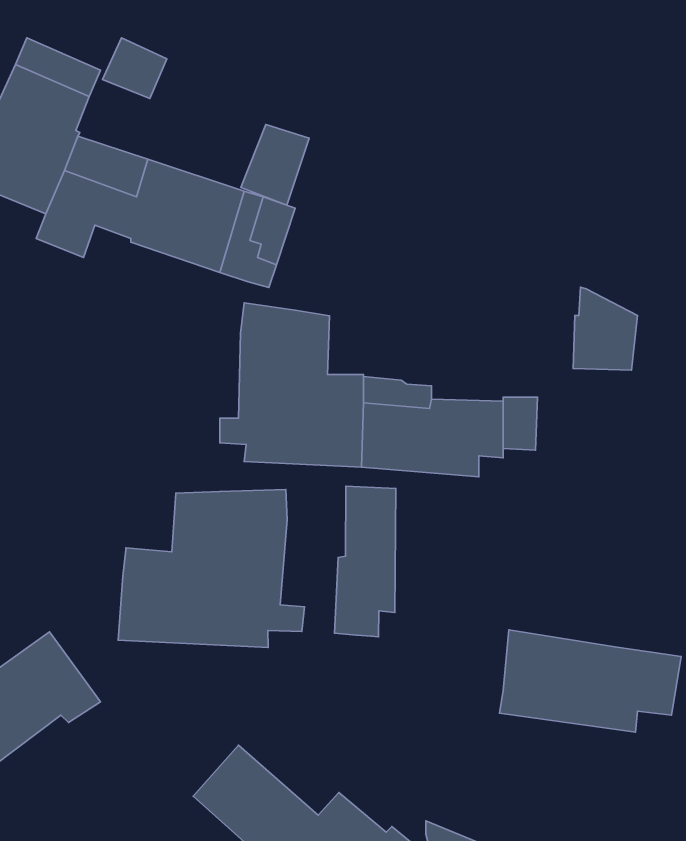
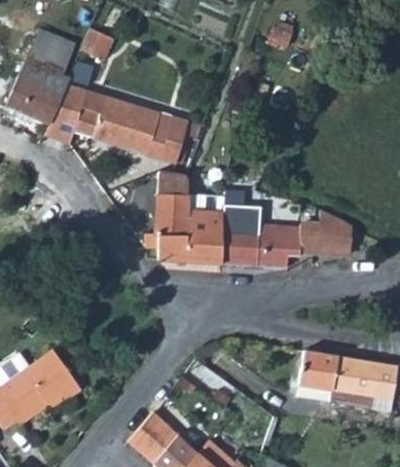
building: [241,124,309,205] -> none
building: [573,287,637,370] -> [317,209,352,254]
building: [334,486,396,637] -> none
building: [118,489,304,647] -> none

